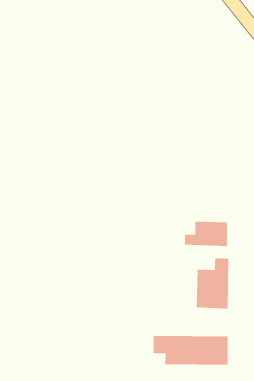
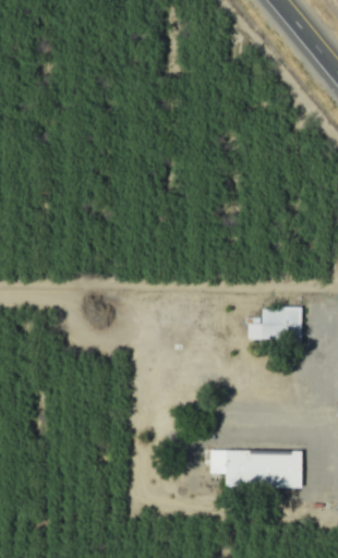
building: [196,257,229,309] -> none

